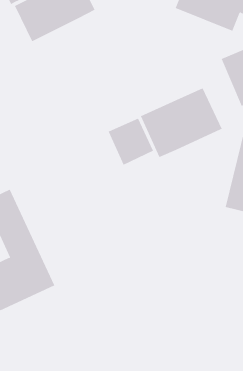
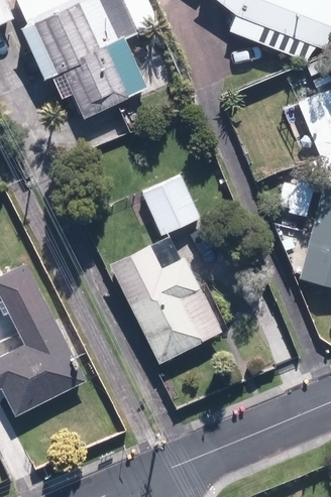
building: none -> [61,46,128,121]
building: [140,88,223,158] -> none
building: none -> [108,247,219,365]

